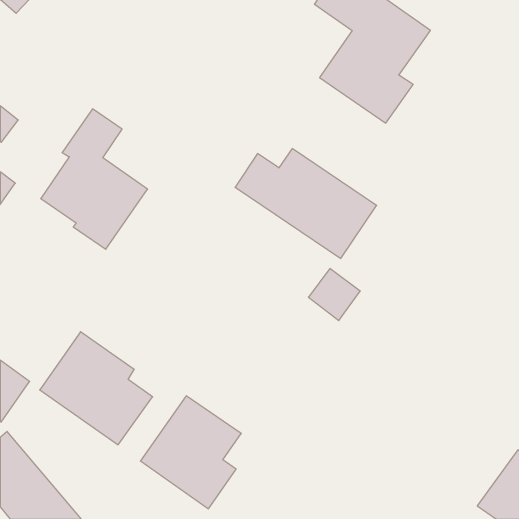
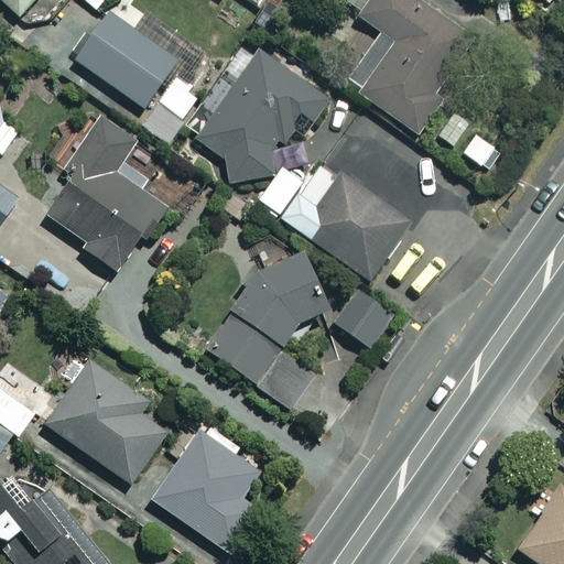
building: none -> [75,9,200,119]
building: none -> [183,42,330,196]
building: none -> [199,234,341,411]

